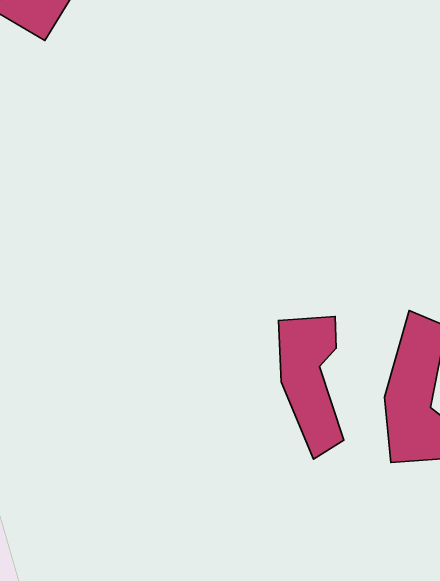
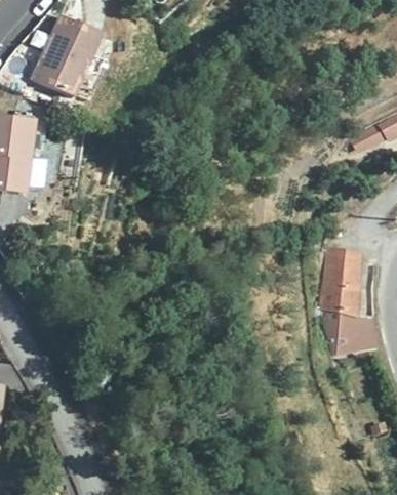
building: [278,317,344,459] -> none

